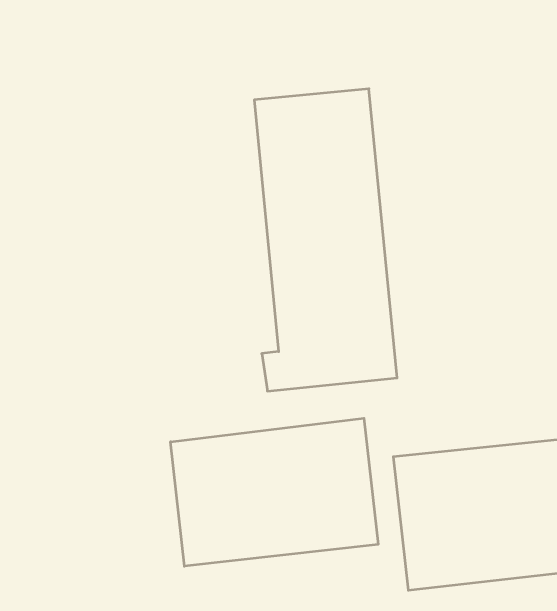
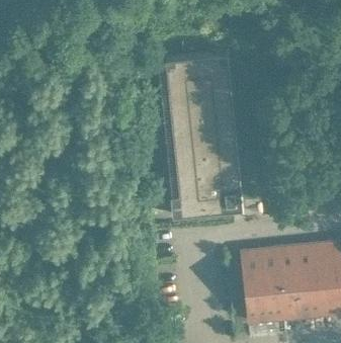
building: [171,418,378,566] -> none

